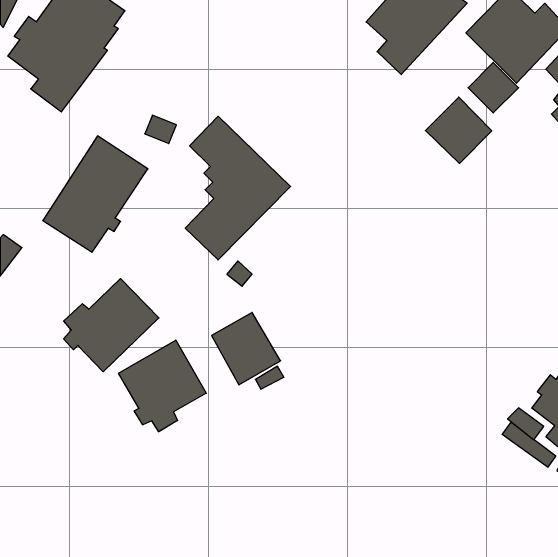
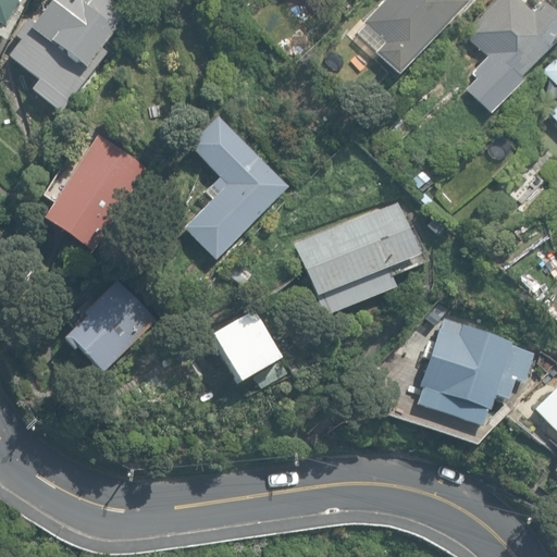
building: [425,97,492,163] -> none
building: none -> [295,202,419,314]
building: none -> [419,314,537,425]
building: [119,340,206,432] -> none

